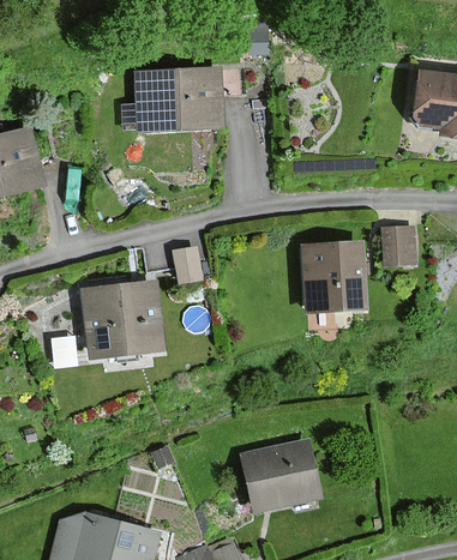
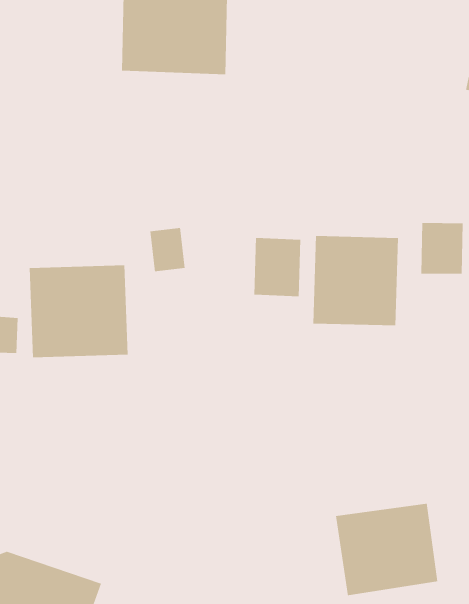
building: none -> [254,237,301,297]
building: [239,438,323,514] -> [335,503,438,596]

